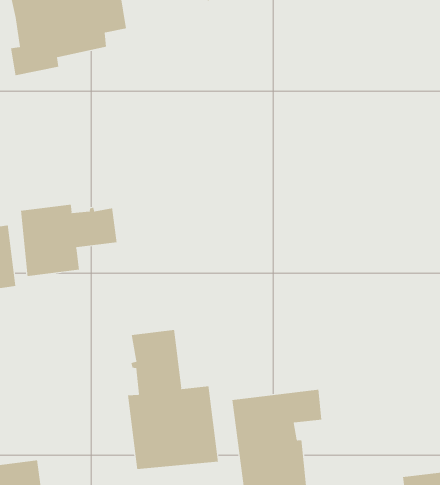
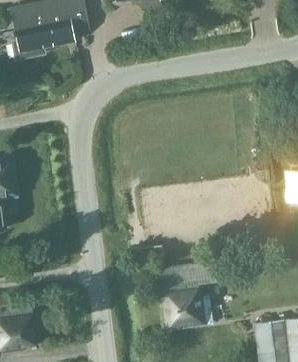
building: [20,204,117,277] -> none
building: [128,329,218,470] -> none

